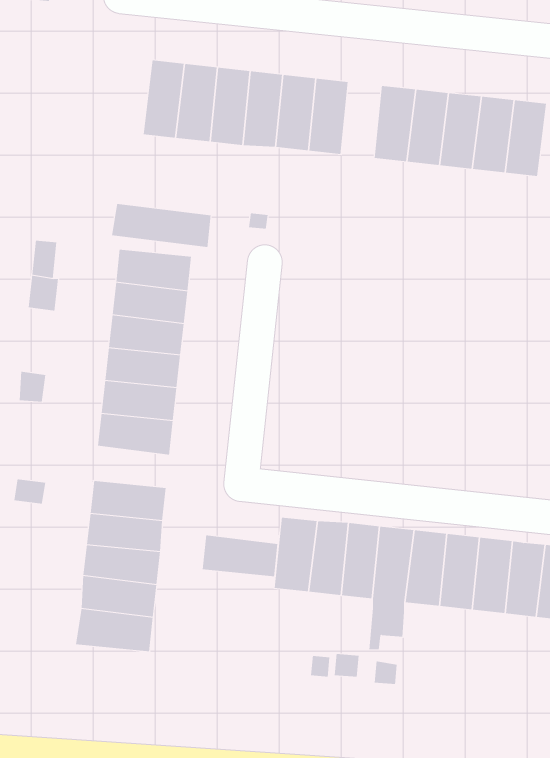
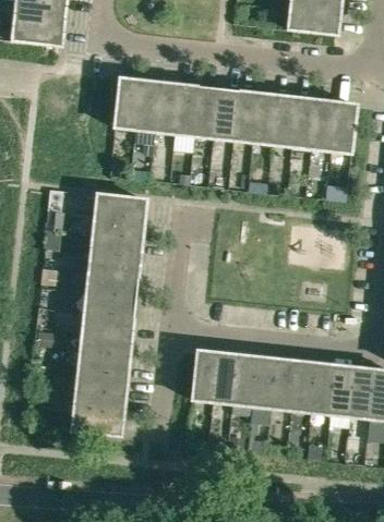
building: none -> [232,93,256,138]
building: [111,203,211,248] -> none
building: [202,535,278,577] -> [84,311,130,336]

